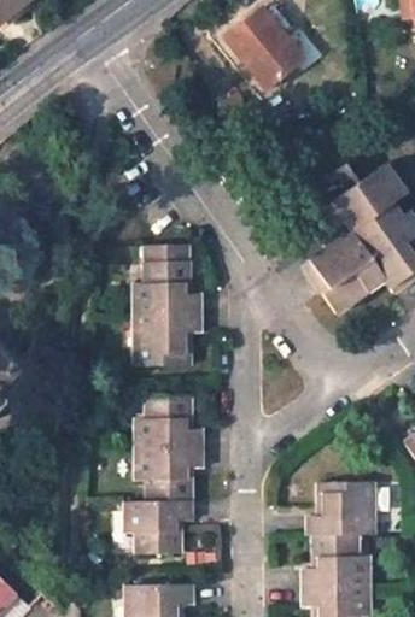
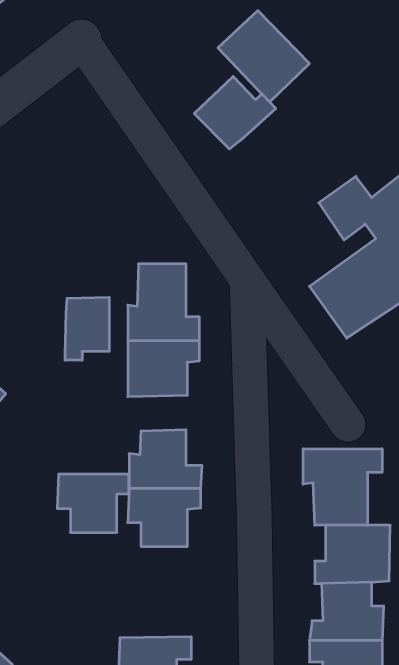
building: none -> [194,76,276,149]
building: none -> [65,297,109,360]
building: none -> [303,449,382,525]
building: [124,501,189,554] -> [57,474,129,532]

